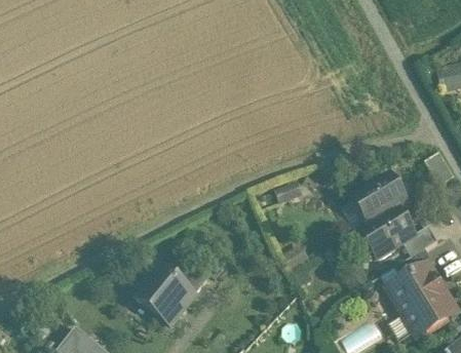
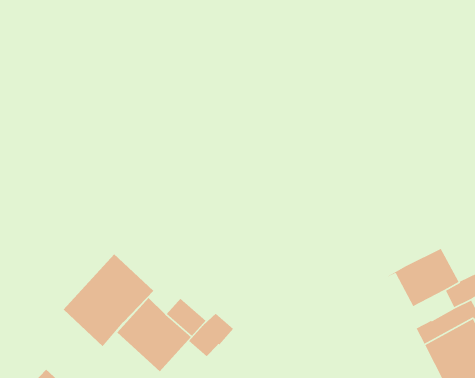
building: [353,174,408,225] -> none
building: none -> [63,253,154,347]
building: none -> [188,313,234,357]

